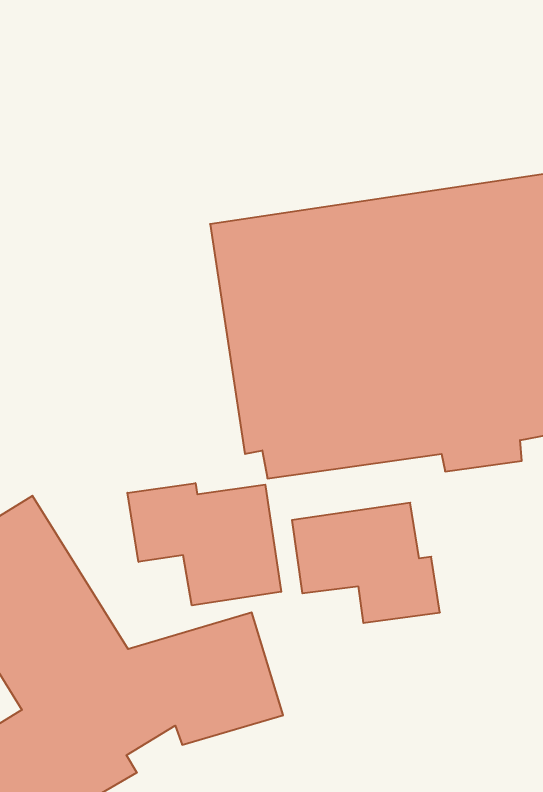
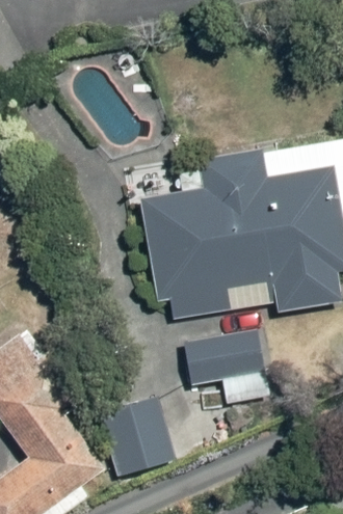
building: [127,483,281,605] -> none

